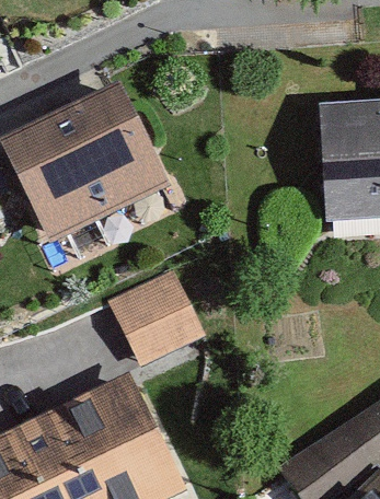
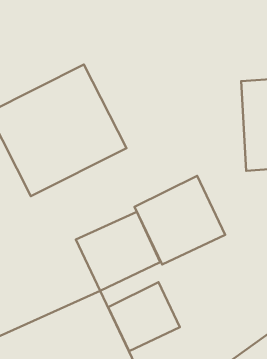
building: none -> [134,176,225,264]
building: none -> [108,282,180,351]

